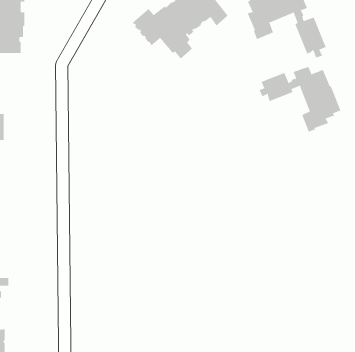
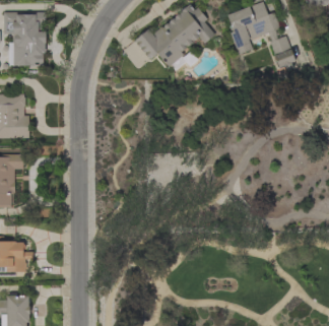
building: [259,66,341,133] -> none

